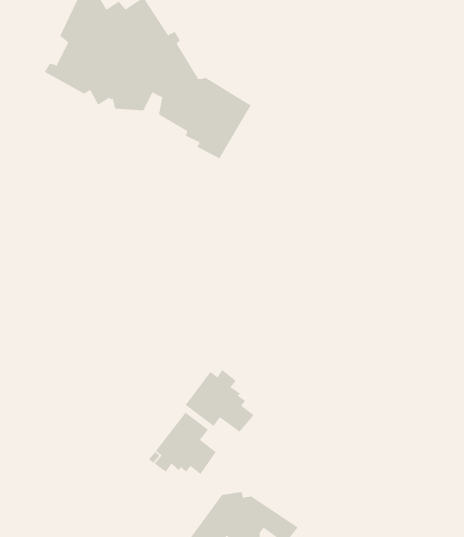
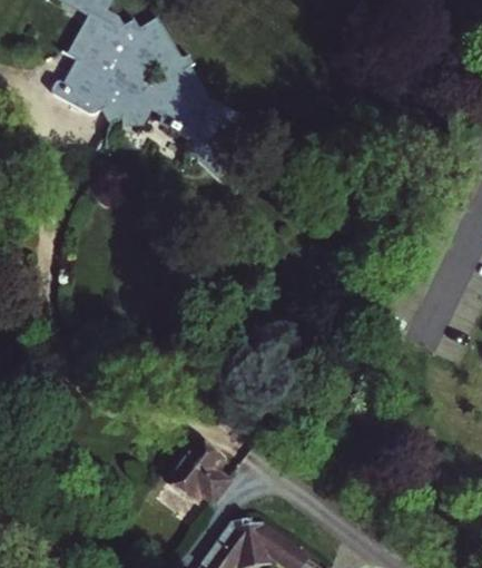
building: [185,369,255,433] -> none

